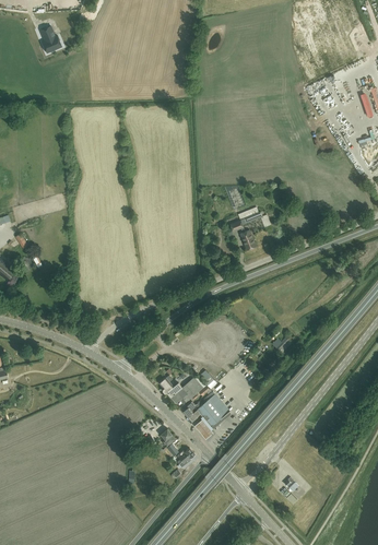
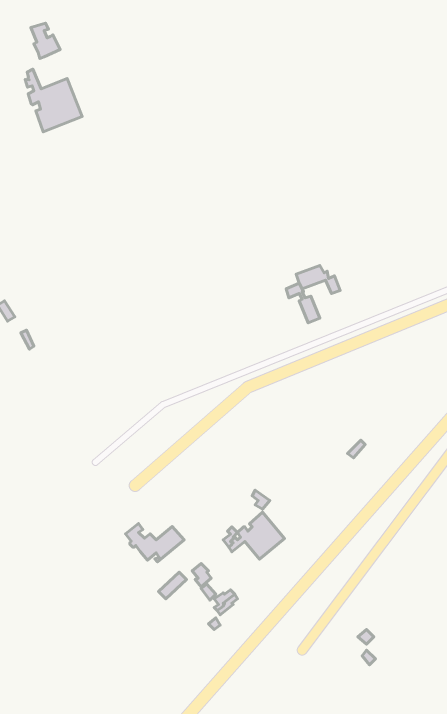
building: none -> [25,69,82,132]
building: [158,375,202,403] -> [125,524,184,562]

